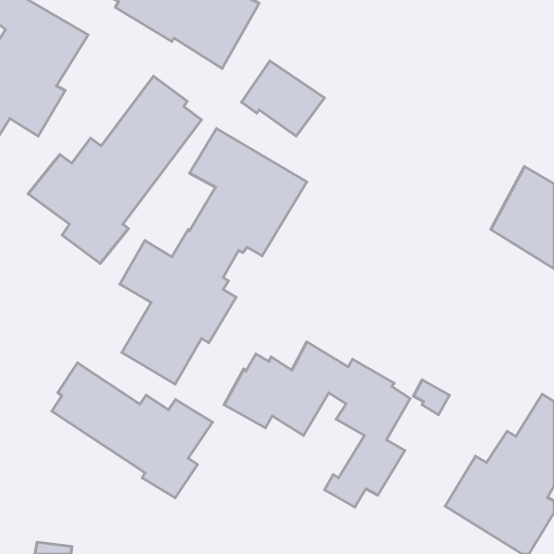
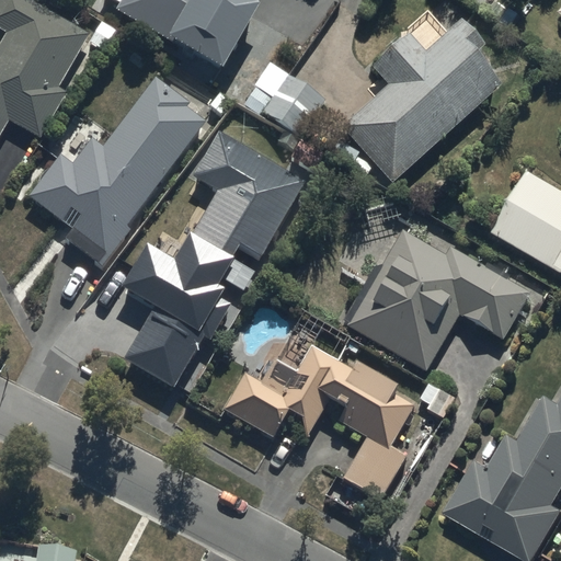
building: none -> [340,12,504,185]
building: none -> [342,230,528,373]
building: [52,363,212,498] -> none

